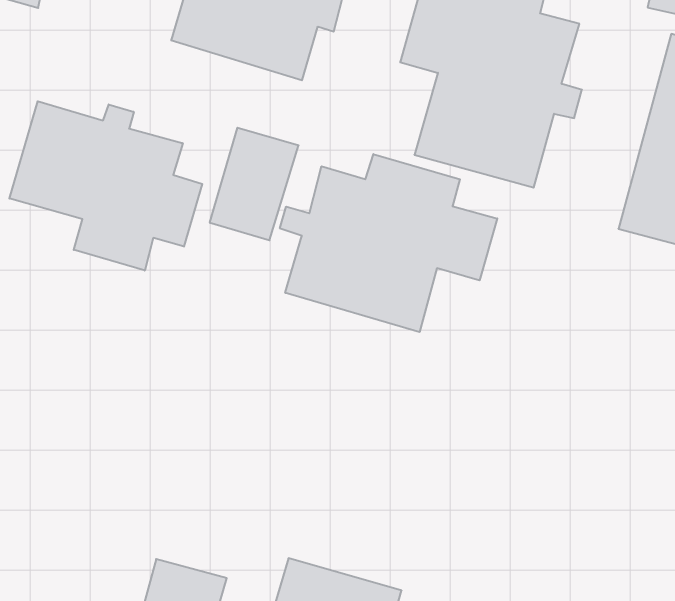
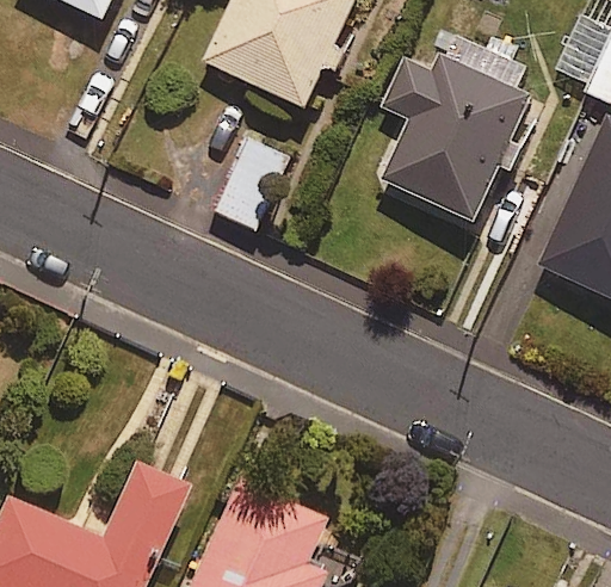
building: [9,101,202,271] -> none
building: [280,154,497,332] -> none

